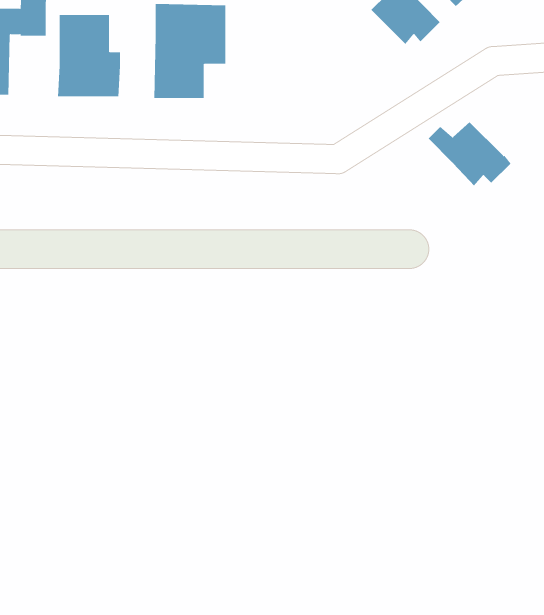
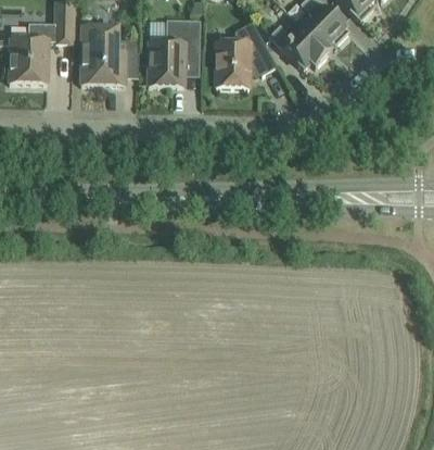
building: none -> [215,21,277,87]
building: [428,121,511,187] -> [270,23,329,68]

